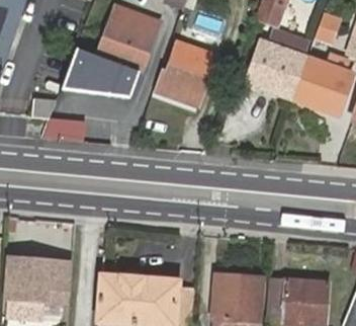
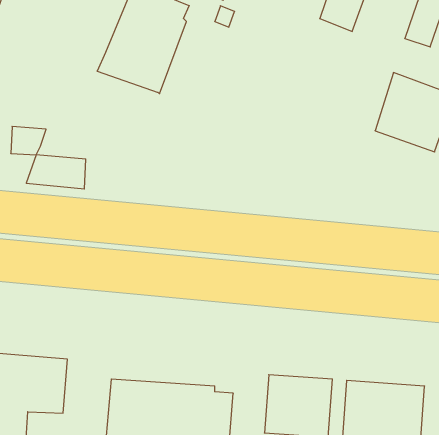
building: [65,37,138,100] -> none
building: [156,42,214,100] -> none
building: [245,42,305,100] -> none

